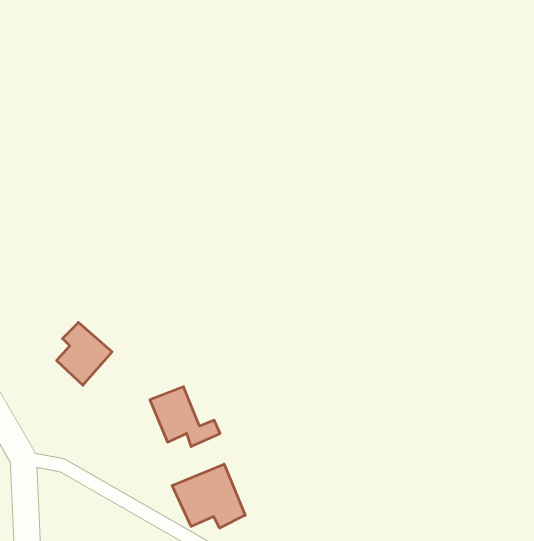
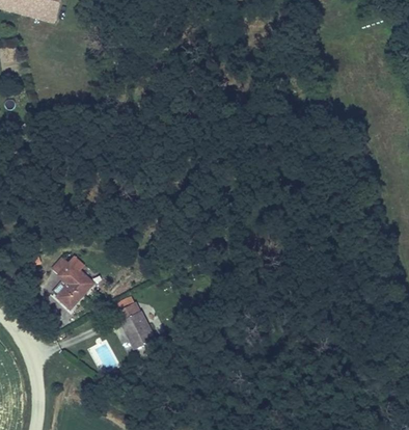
building: [172,464,245,528] -> none

